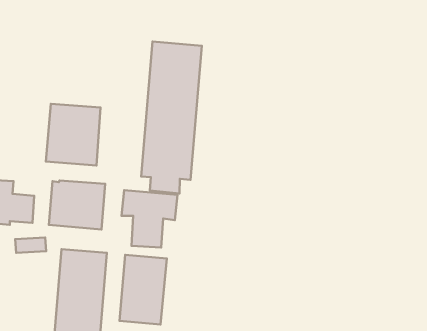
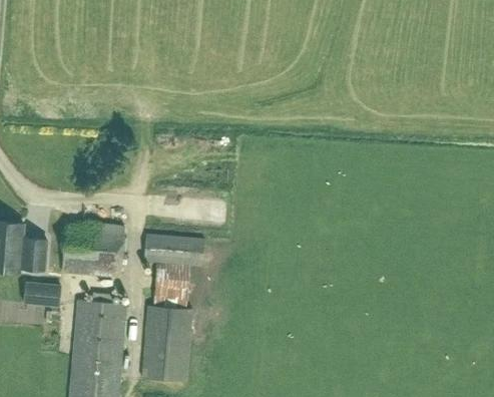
building: [141,42,202,194] -> none
building: [46,104,100,166] -> none

